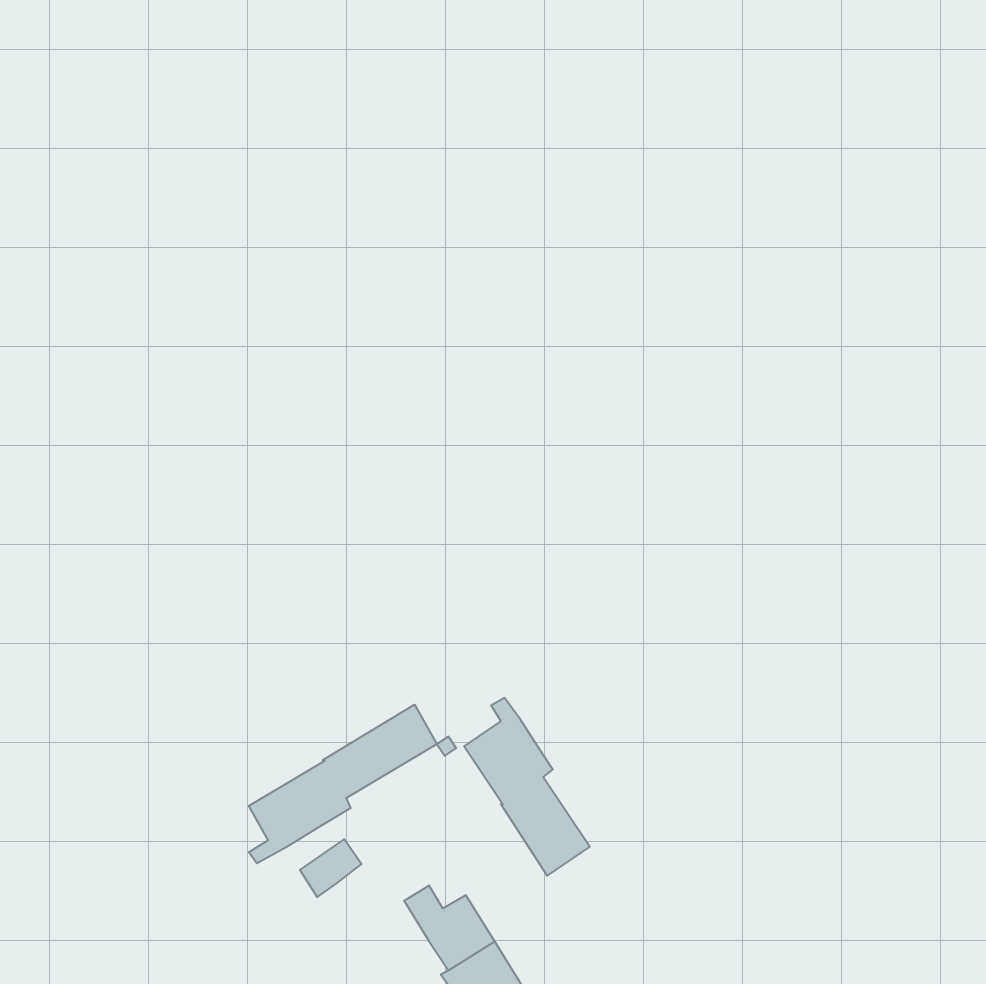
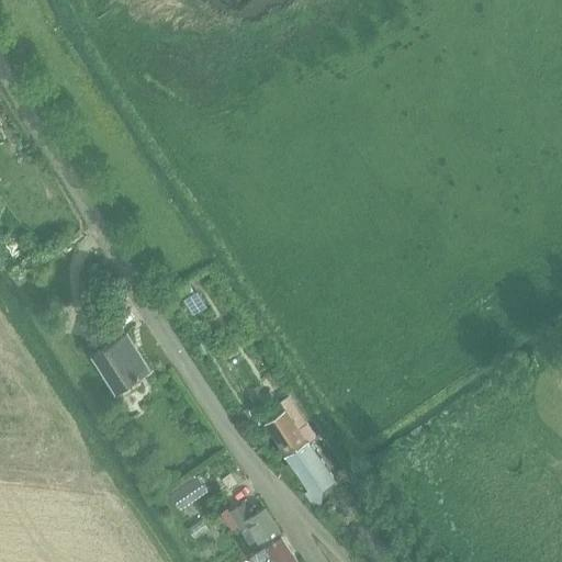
building: none -> [94,336,148,392]
building: [249,705,437,863] -> none

